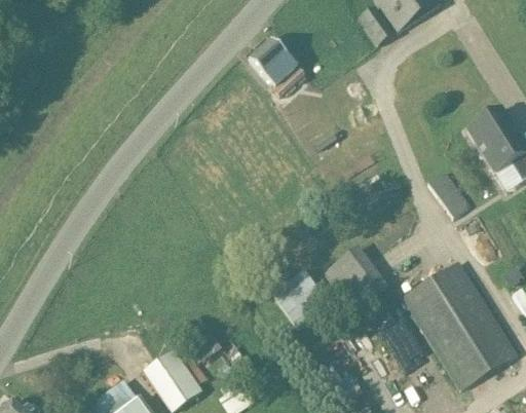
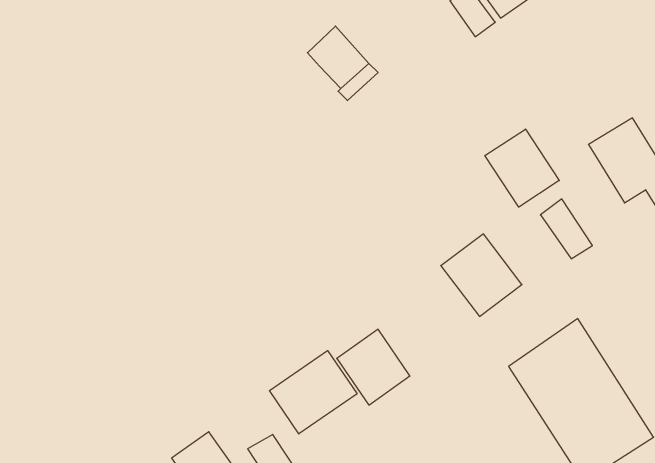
building: none -> [485,129,559,207]
building: [325,246,387,309] -> [441,234,522,316]
building: none -> [269,351,357,434]

